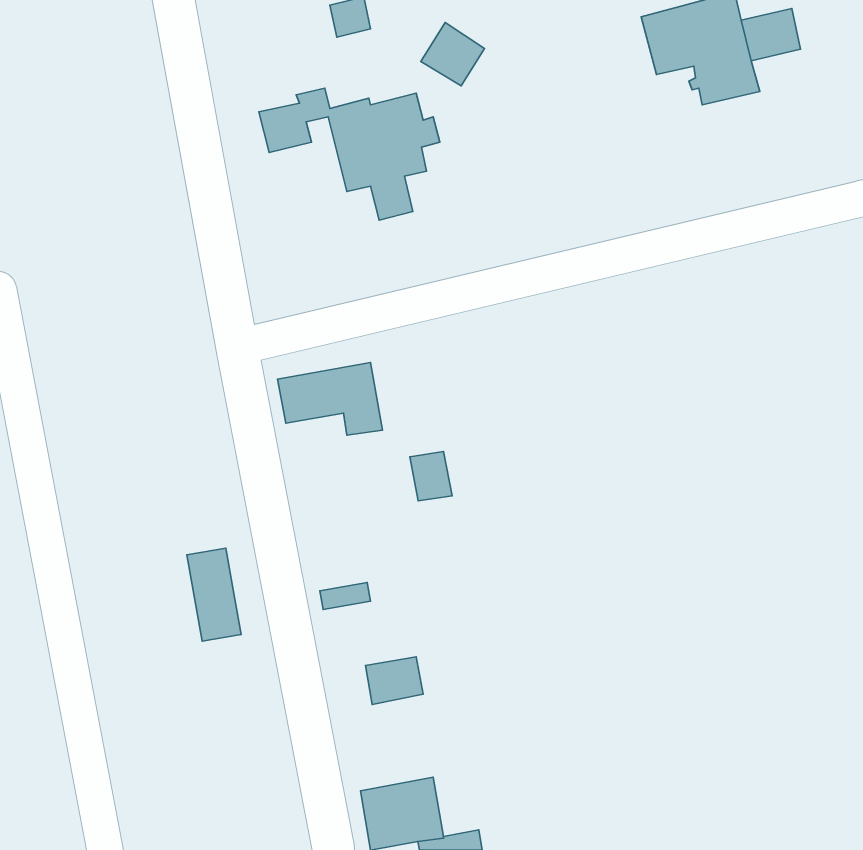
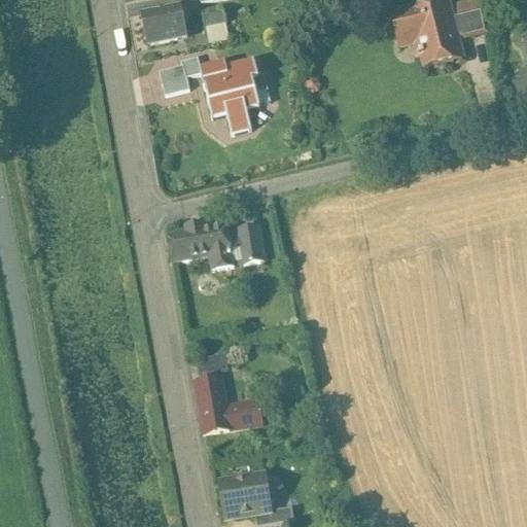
building: none -> [140,4,187,43]
building: [421,22,484,86] -> none
building: [410,452,452,501] -> [238,230,264,259]
building: [187,548,241,641] -> [194,376,226,432]

